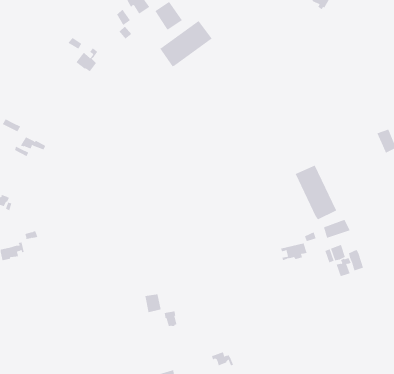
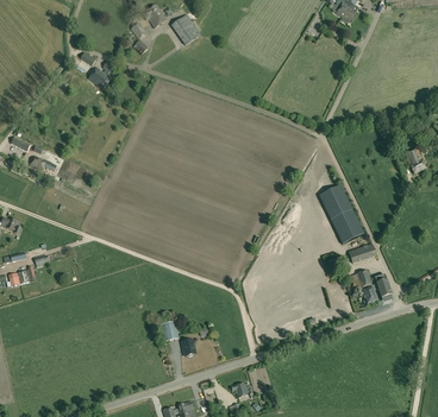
building: [159,20,213,67] -> none

